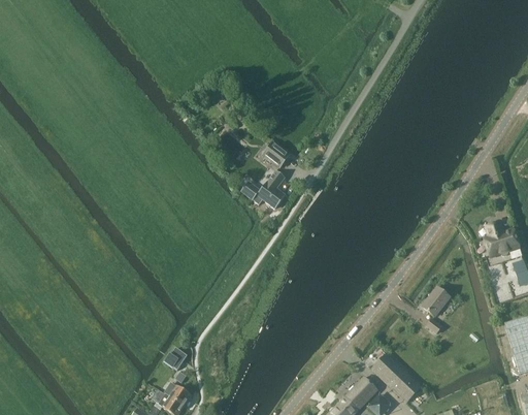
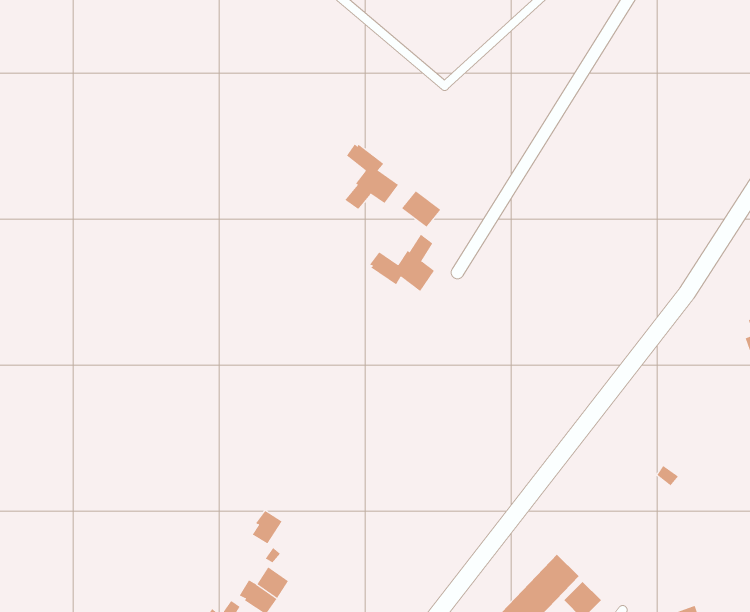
building: none -> [344,143,399,210]
building: [422,288,450,317] -> none
building: [369,356,419,405] -> none

